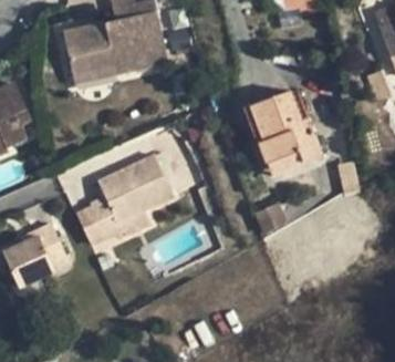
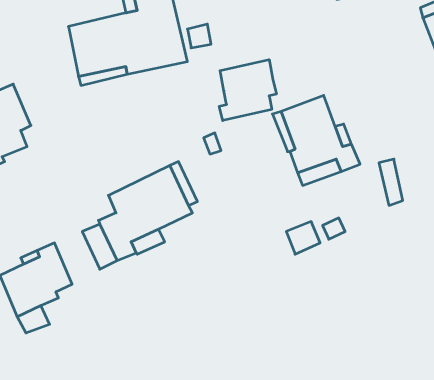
building: none -> [219,60,276,121]

